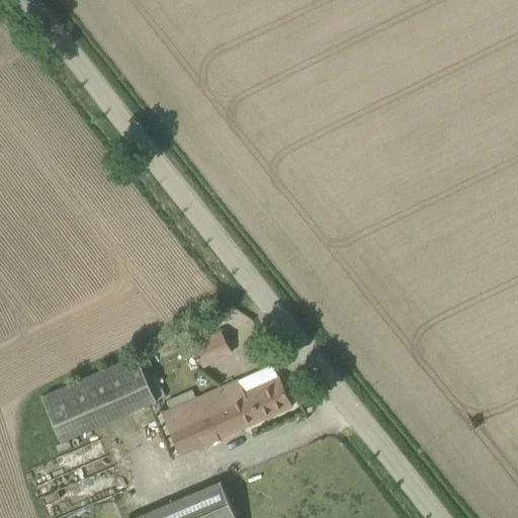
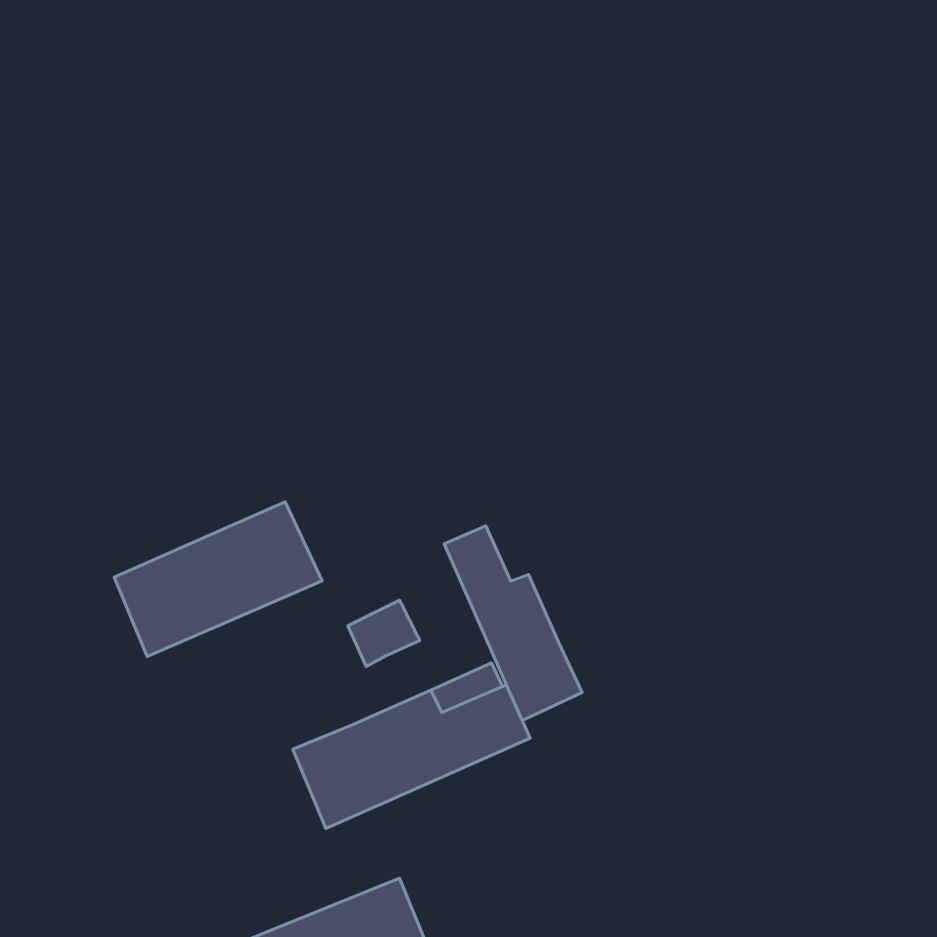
building: none -> [444,526,582,720]
building: [41,358,156,443] -> [114,502,322,656]

